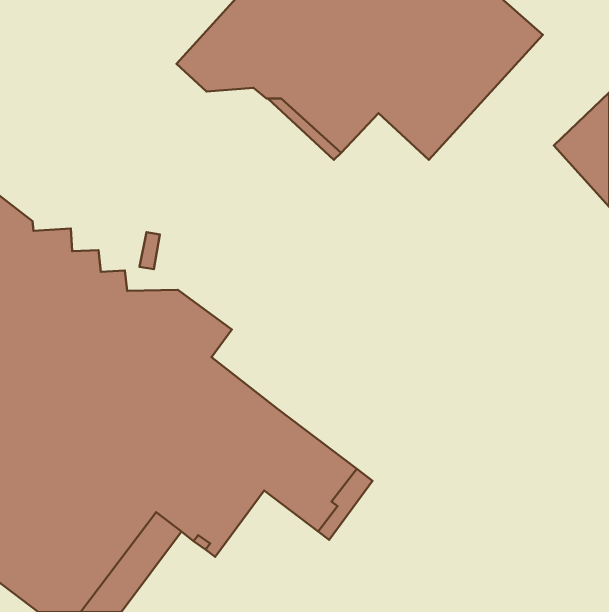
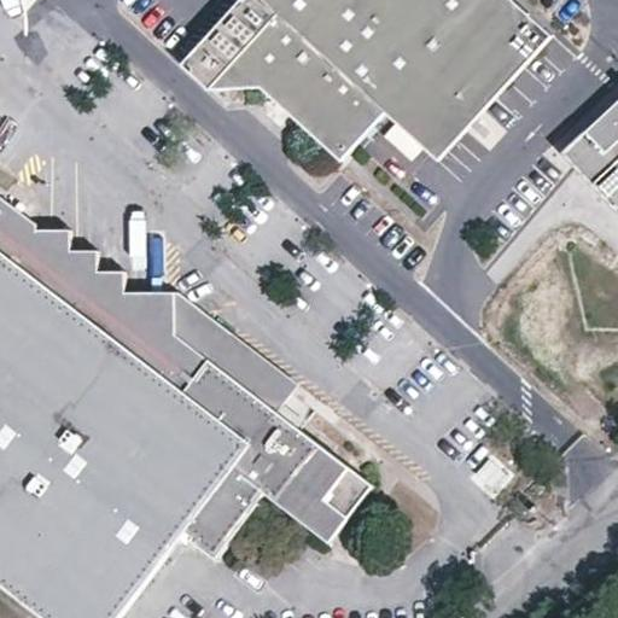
building: none -> [212,331,301,410]

